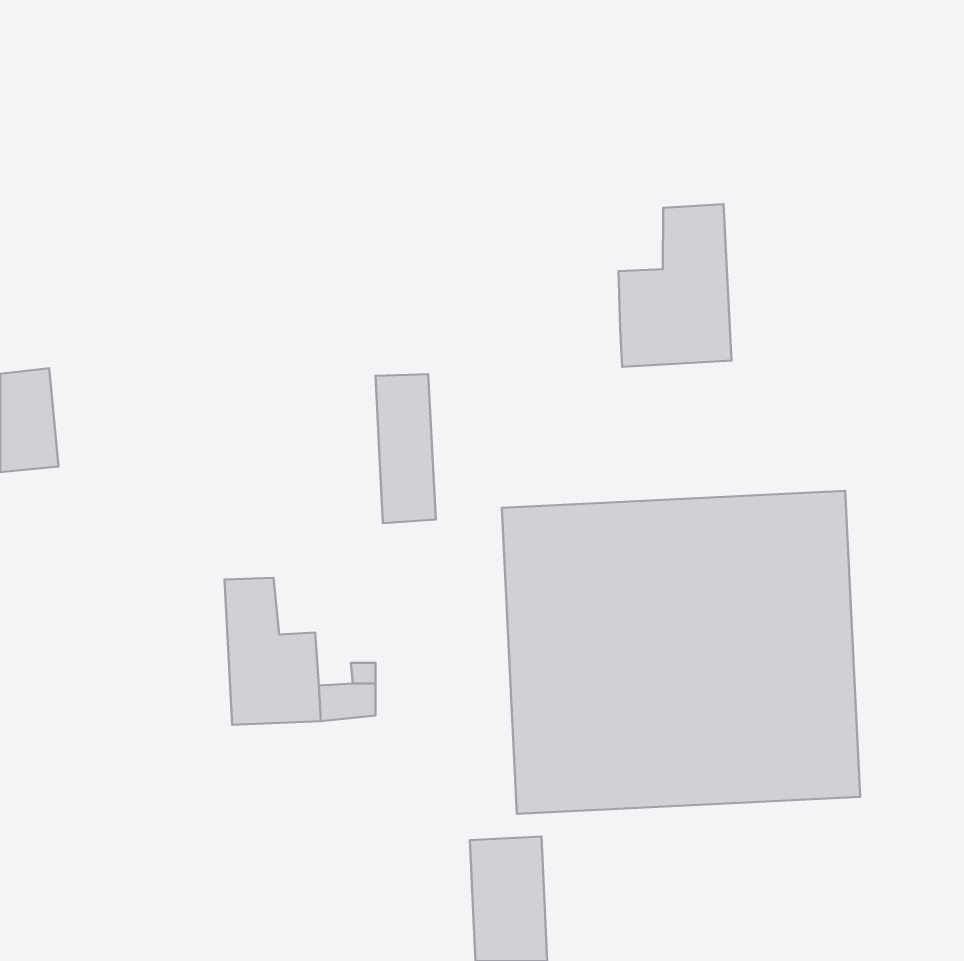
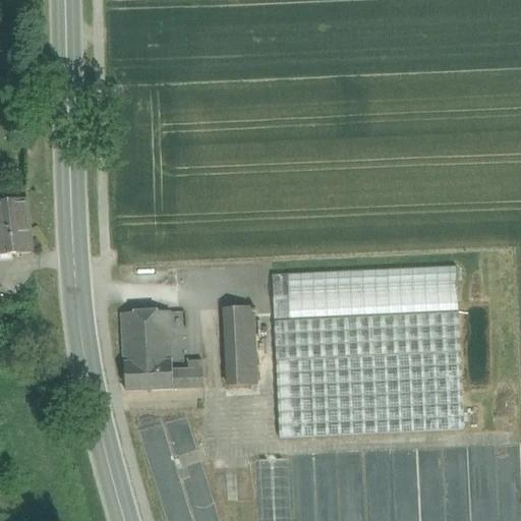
building: [619,204,731,367] -> none
building: [375,374,436,523] -> [225,306,257,387]
building: none -> [148,310,170,342]

